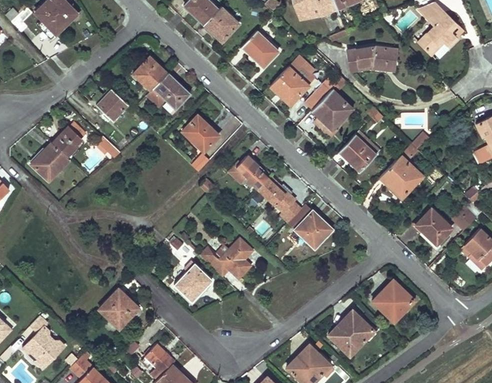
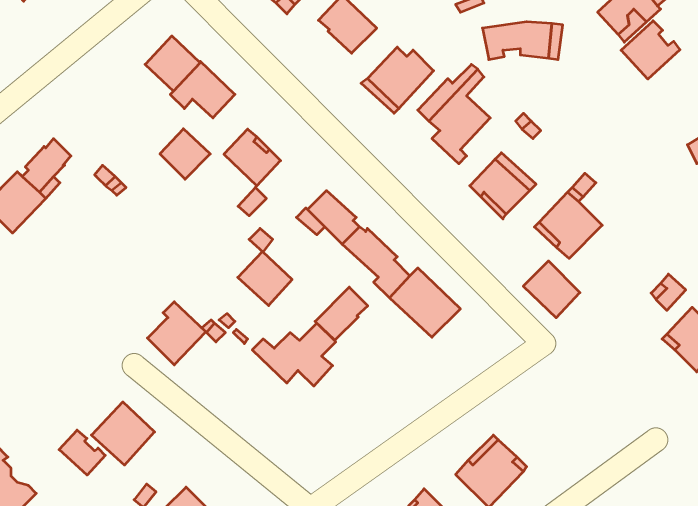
building: none -> [621,21,680,79]
building: [96,88,128,120] -> [160,129,210,179]
building: none -> [238,251,292,306]
building: [415,208,451,244] -> [523,261,580,318]
building: none -> [315,287,368,340]
building: [175,261,212,301] -> [147,302,206,365]
building: [372,279,415,321] -> none
building: none -> [59,430,105,475]

